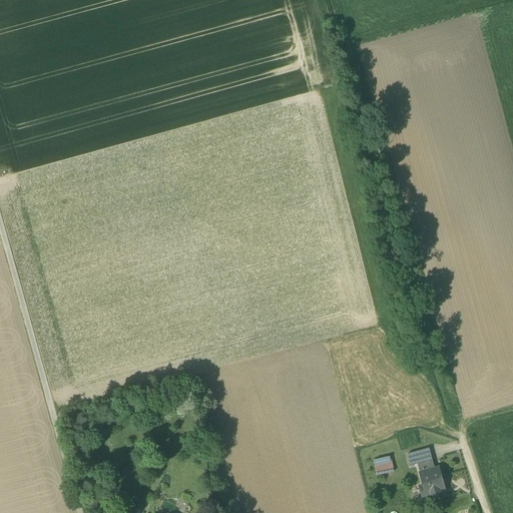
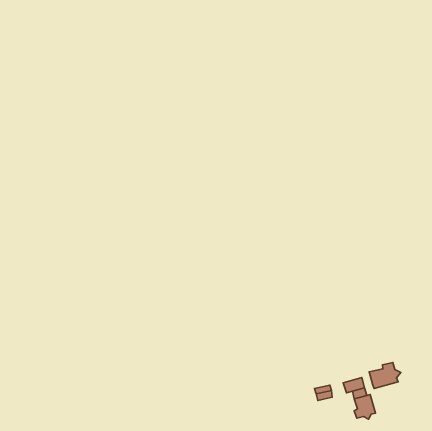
building: none -> [369,363,401,389]

